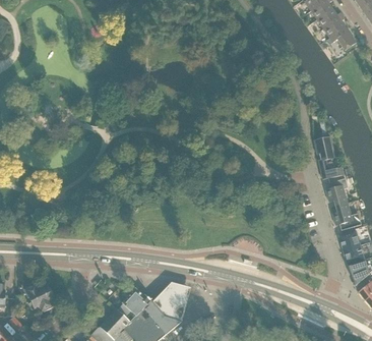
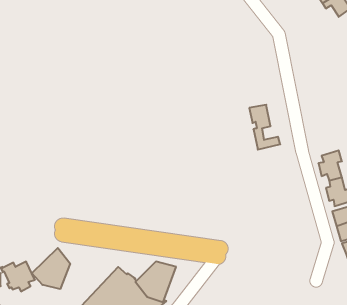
building: [315,136,345,179] -> [249,105,280,150]
building: none -> [32,248,70,289]

